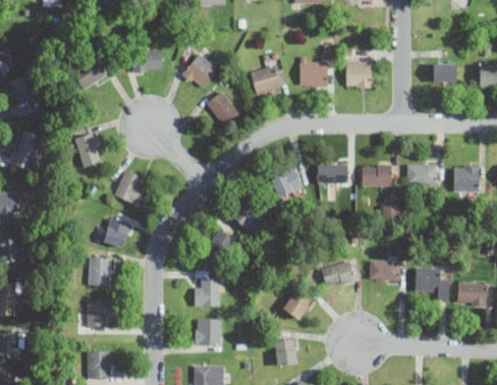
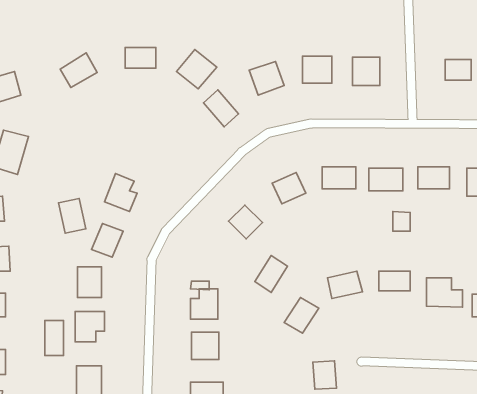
building: [74,134,100,167] -> [59,199,86,233]
building: [204,230,234,265] -> [255,255,287,292]
building: none -> [45,320,63,355]
building: [275,339,297,366] -> [313,361,337,389]

